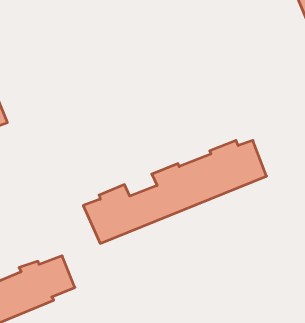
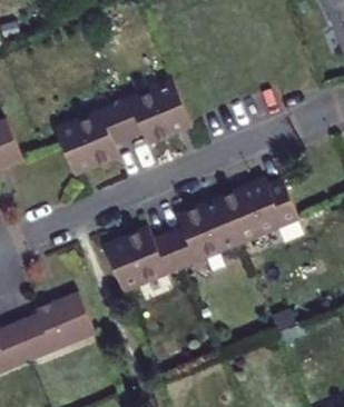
building: none -> [55,78,189,166]

